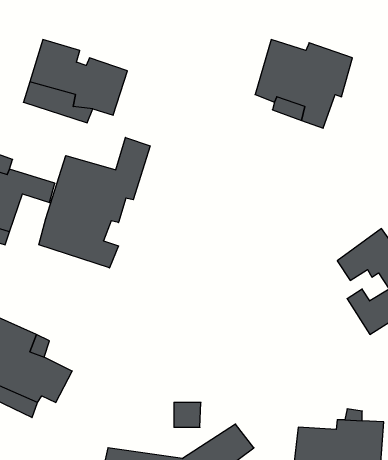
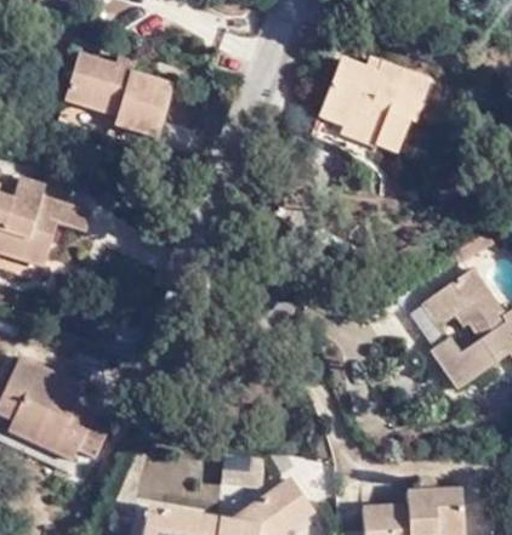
building: [39,137,150,268] -> none

